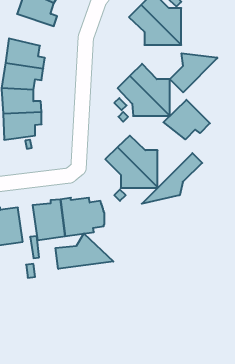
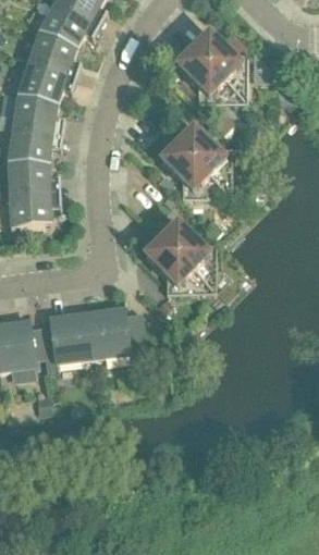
building: none -> [16,61,76,103]
building: [170,53,217,92] -> none
building: [163,100,210,139] -> none
building: [142,153,202,204] -> none
building: [56,233,113,269] -> none

